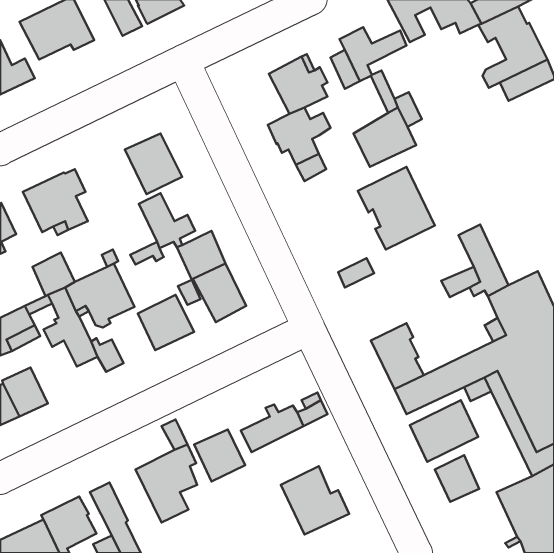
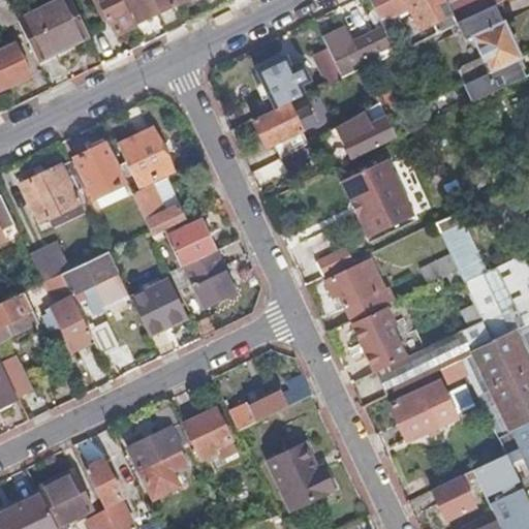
building: none -> [74,144,126,198]
building: none -> [326,259,395,320]
building: [435,455,479,502] -> [433,475,475,520]

